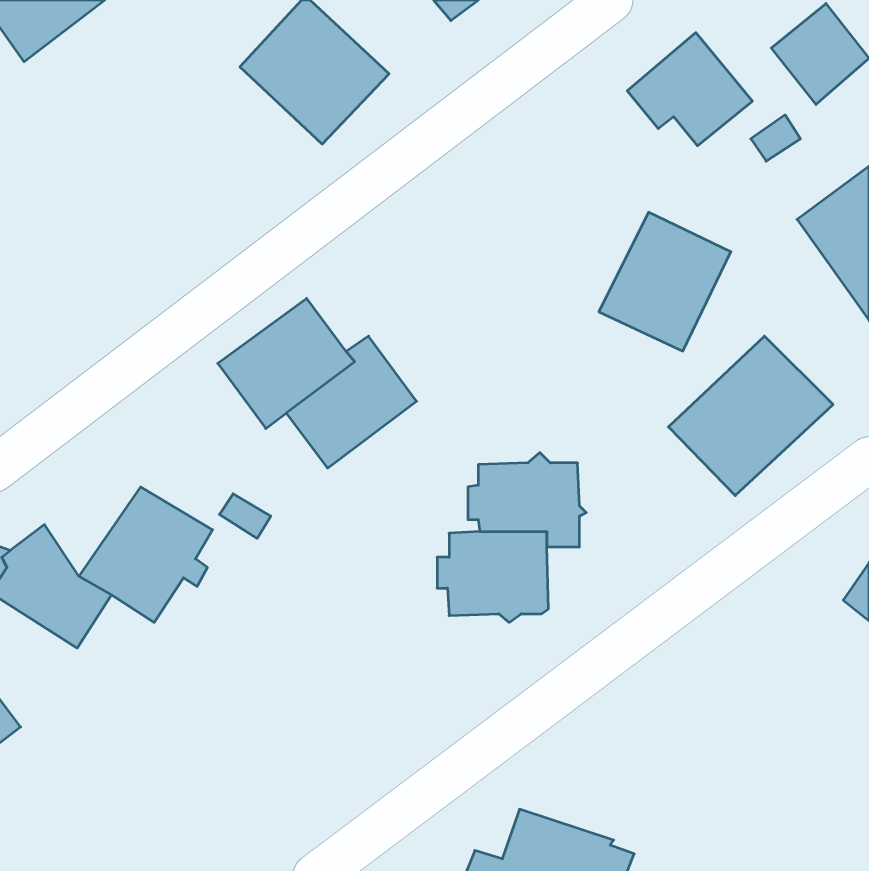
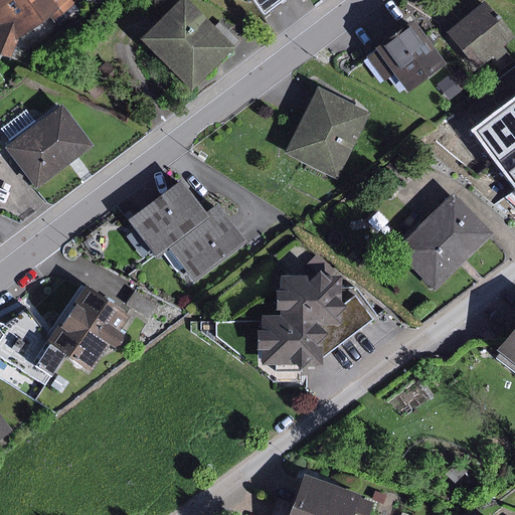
building: none -> [4,106,92,184]
building: [599,212,731,351] -> [289,92,366,173]
building: none -> [321,294,375,360]

